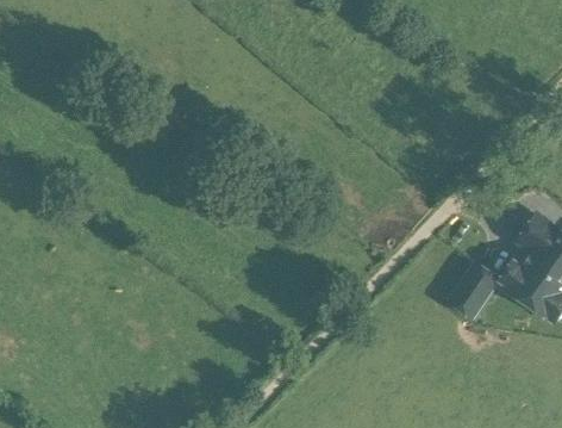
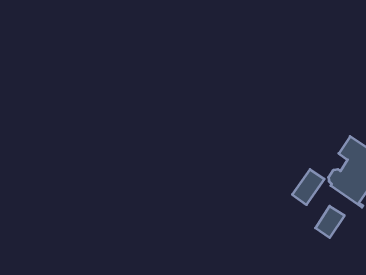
building: none -> [315,206,344,238]

